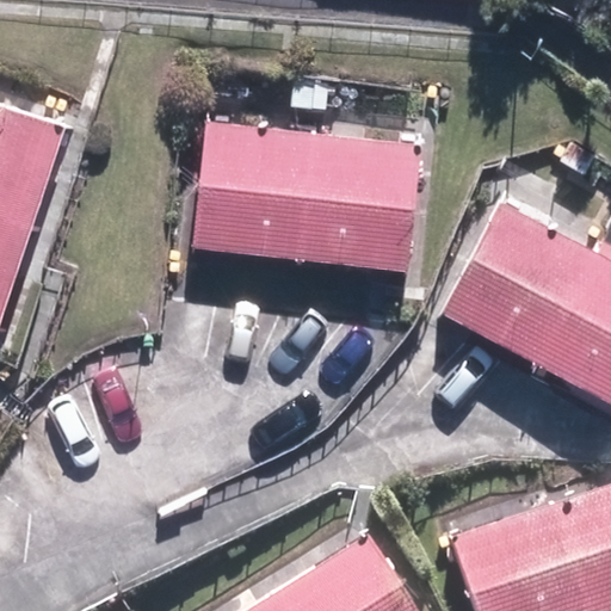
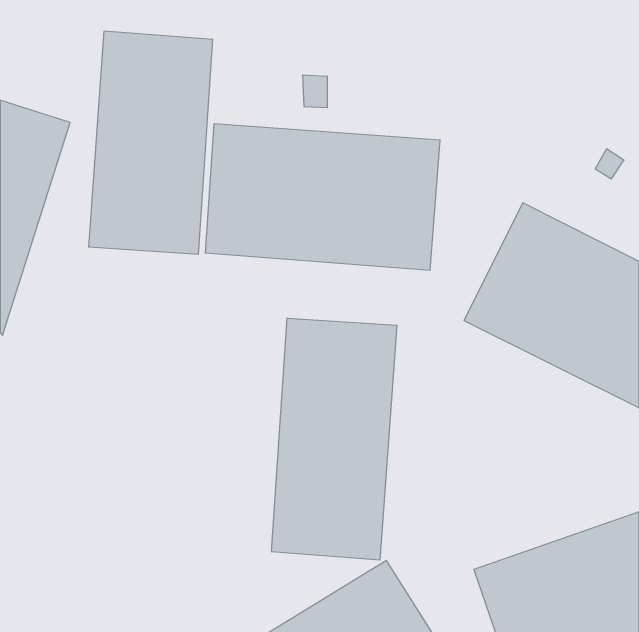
building: none -> [89,31,212,254]
building: none -> [271,318,397,560]

